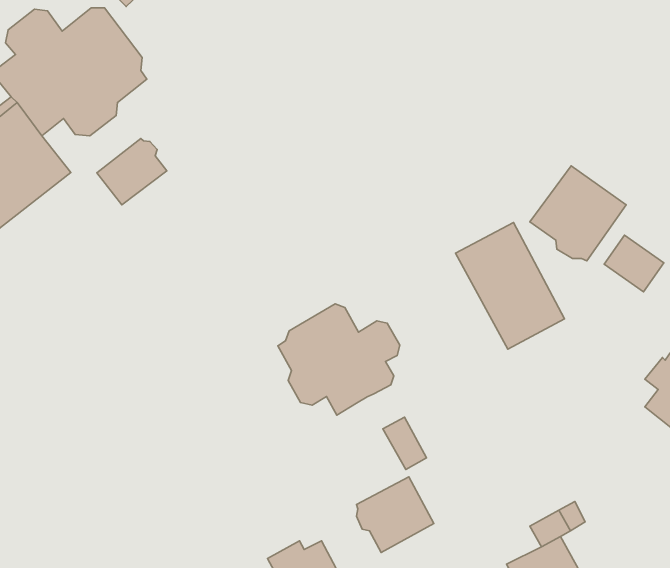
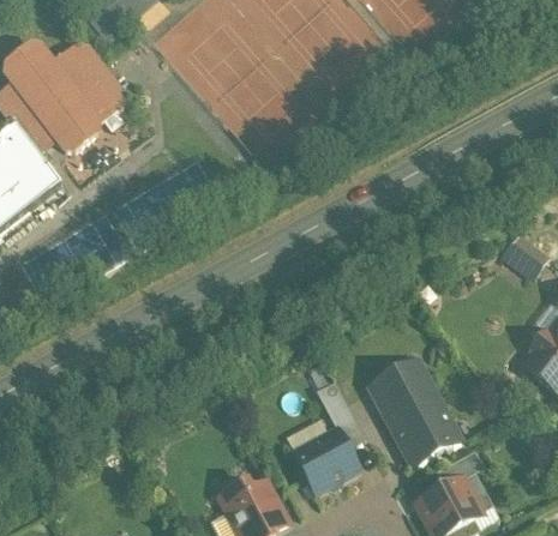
building: [97,138,167,205] -> none
building: [530,166,626,261] -> none
building: [455,223,565,349] -> [371,361,461,465]
building: [278,304,400,415] -> none

